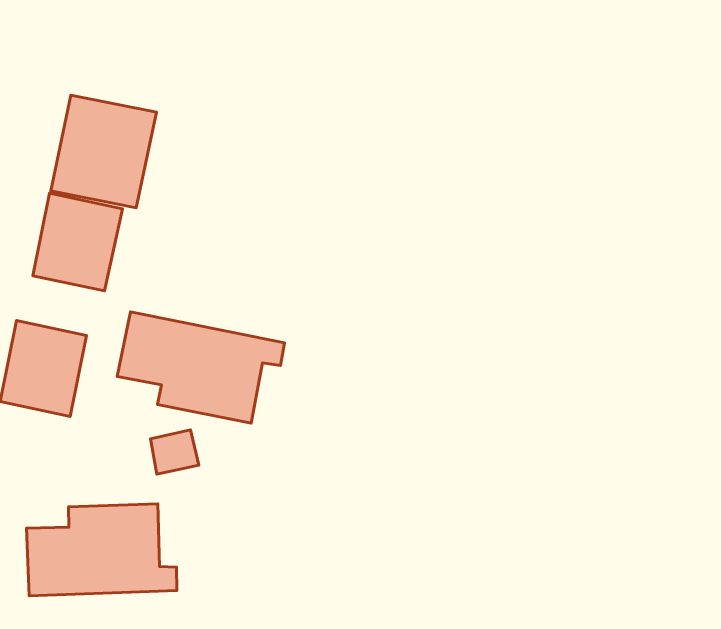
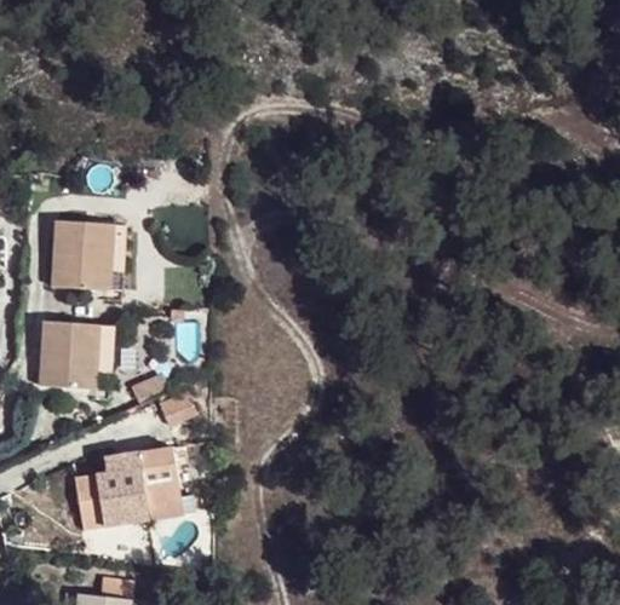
building: [51,95,156,208] -> none
building: [117,312,285,423] -> none

